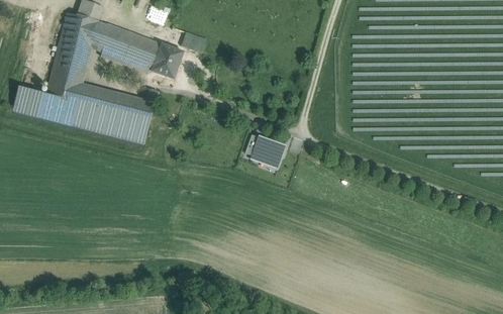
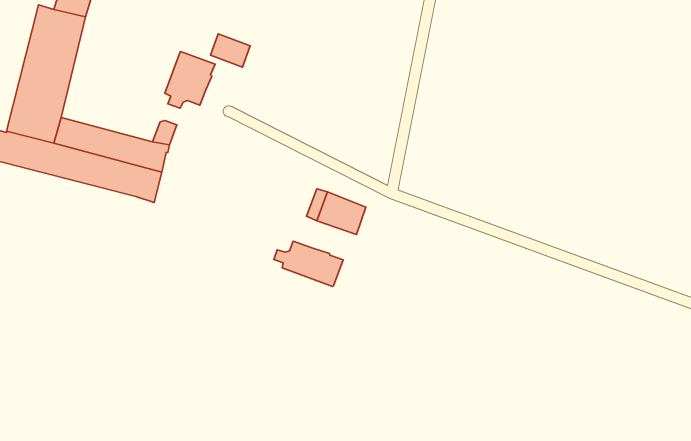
building: [100,22,161,70] -> none
building: none -> [274,241,343,286]

